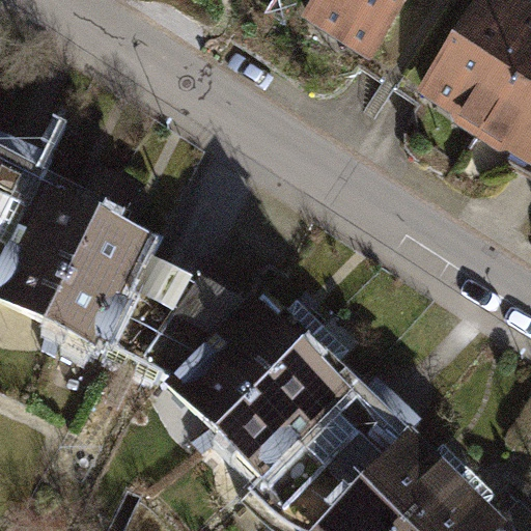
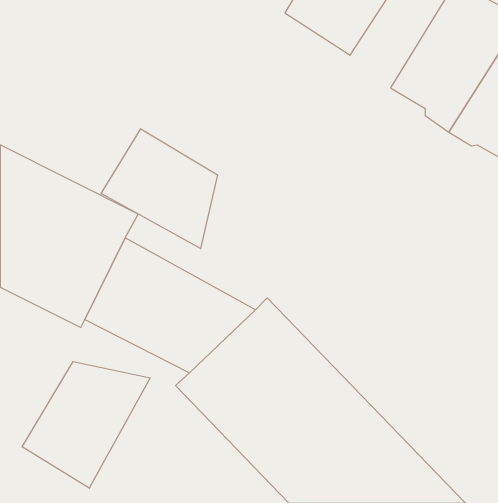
building: none -> [101,129,217,249]
building: none -> [22,362,150,488]

